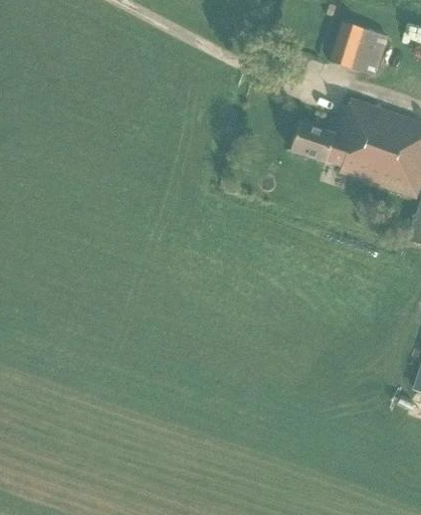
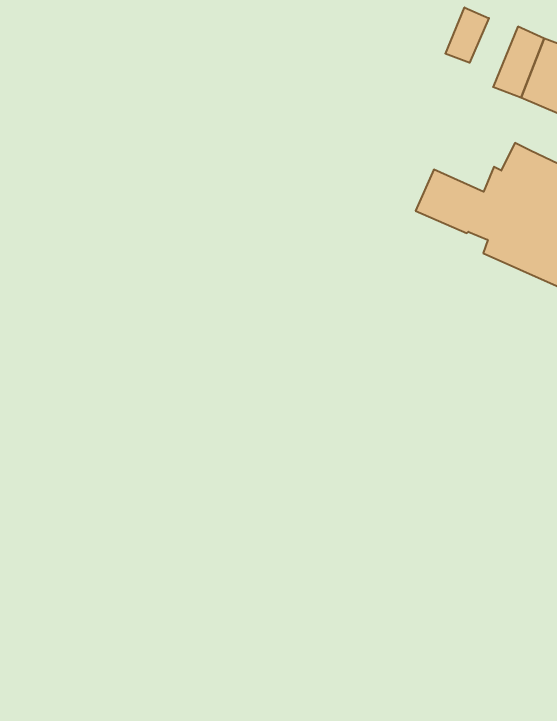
building: none -> [445,7,489,63]

